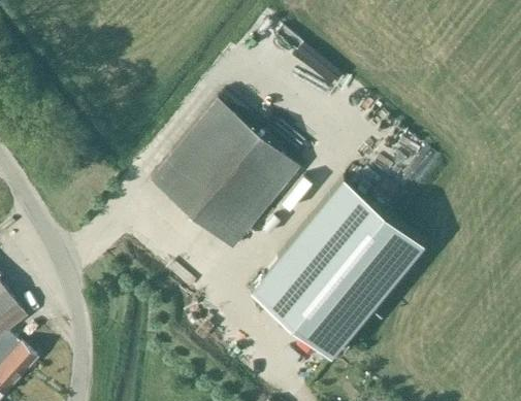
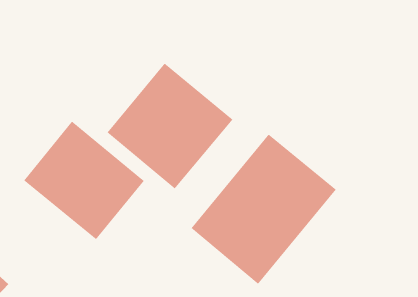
building: none -> [23,121,145,240]

